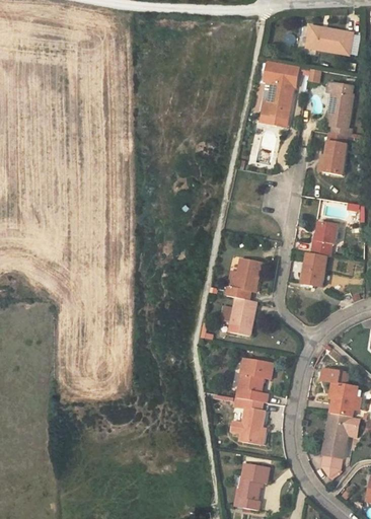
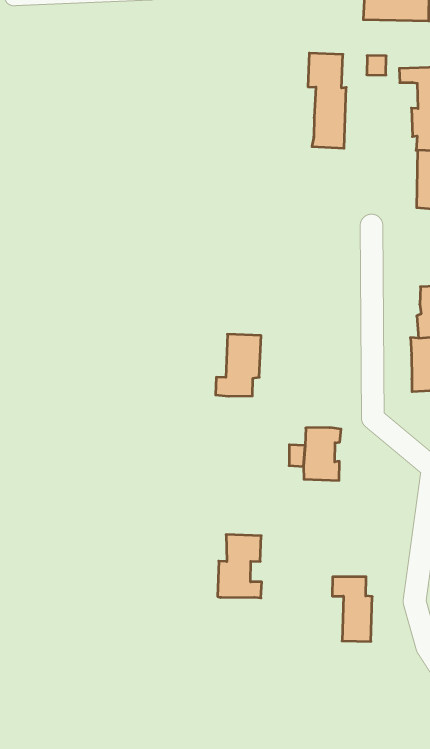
building: [225,262,259,303] -> [216,334,261,396]
building: [234,359,268,402] -> [218,535,262,598]
building: [240,460,271,508] -> none

